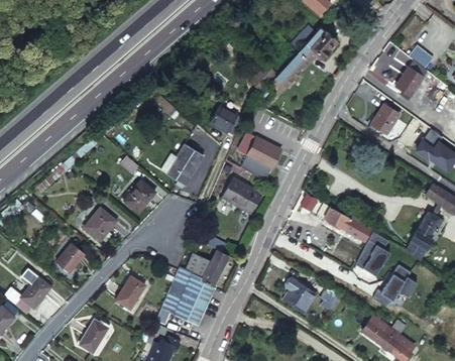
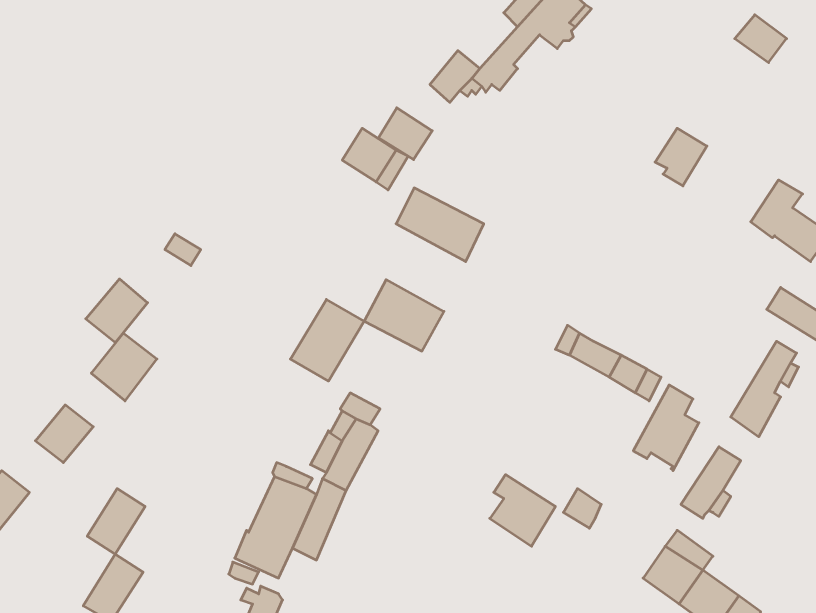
building: [391,65,419,93] -> none
building: none -> [379,108,432,160]
building: [166,142,204,184] -> [290,299,364,381]
building: [123,179,154,212] -> [86,279,148,343]
building: [116,275,145,309] -> [87,489,145,554]

